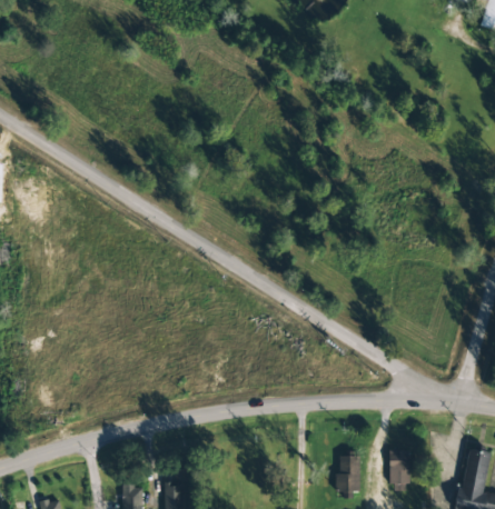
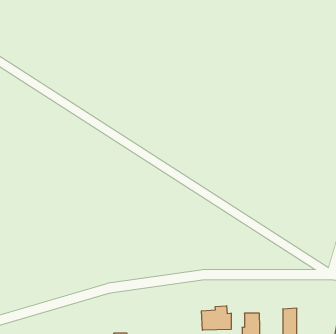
building: none -> [202,306,231,330]

